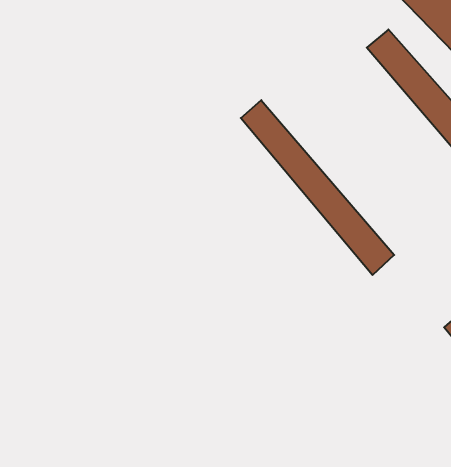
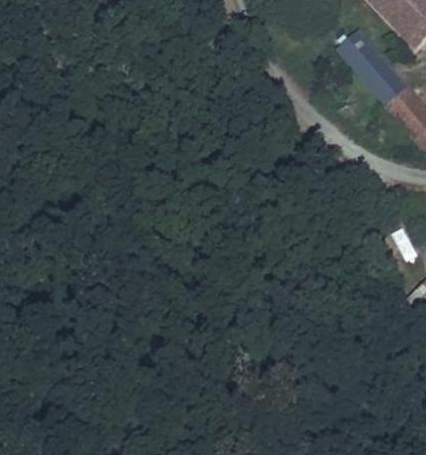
building: [241,100,394,275] -> none

